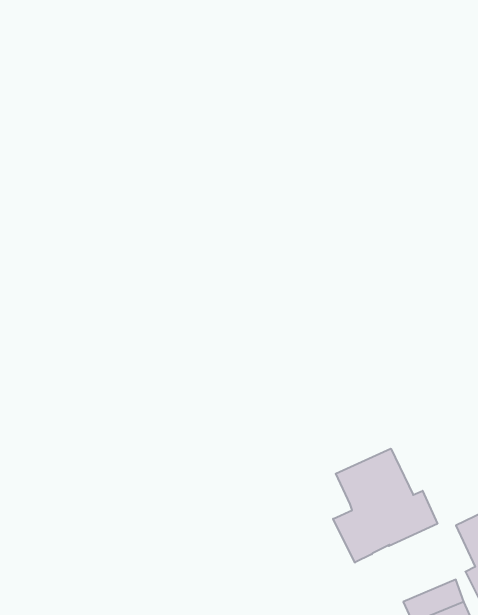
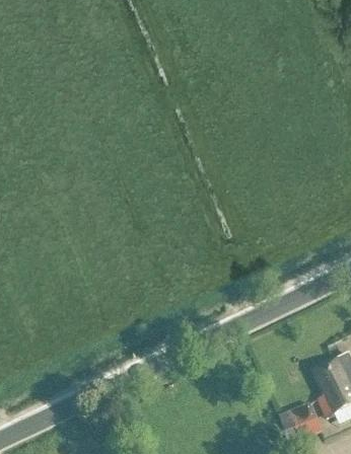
building: [333,449,437,563] -> none

